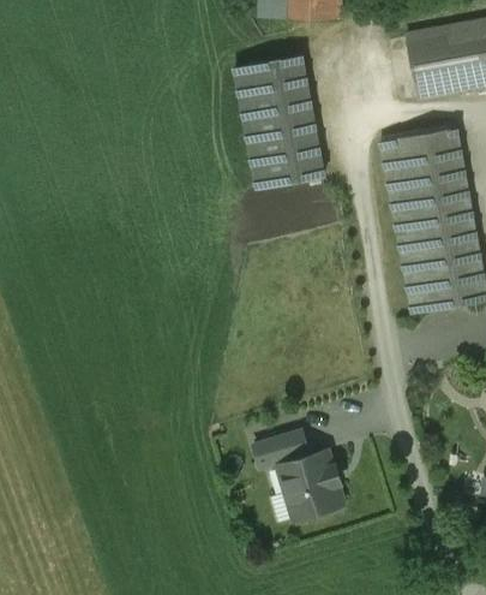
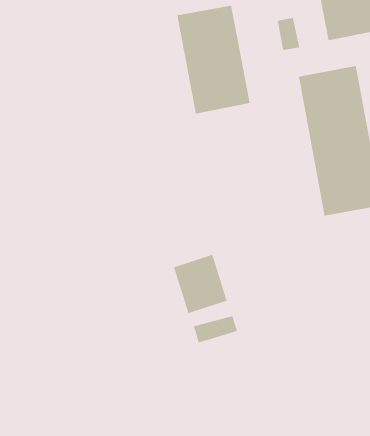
building: none -> [277,17,300,51]
building: [280,448,346,520] -> [173,254,228,314]

